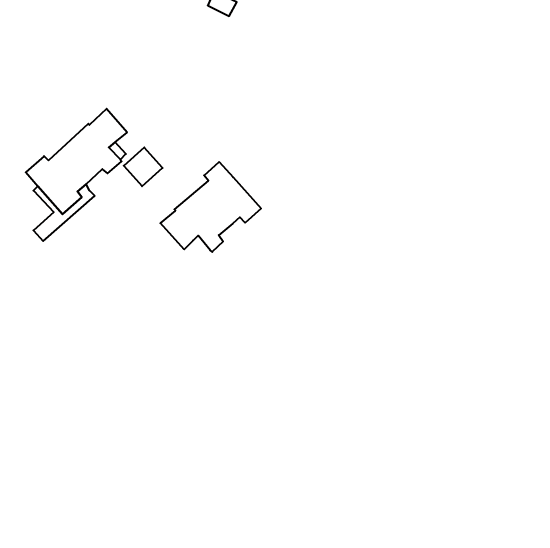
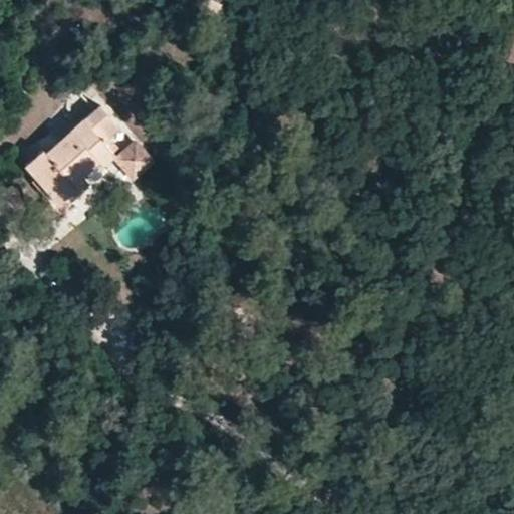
building: [160,162,261,252] -> none

